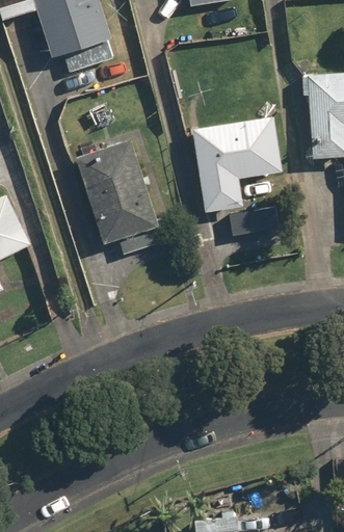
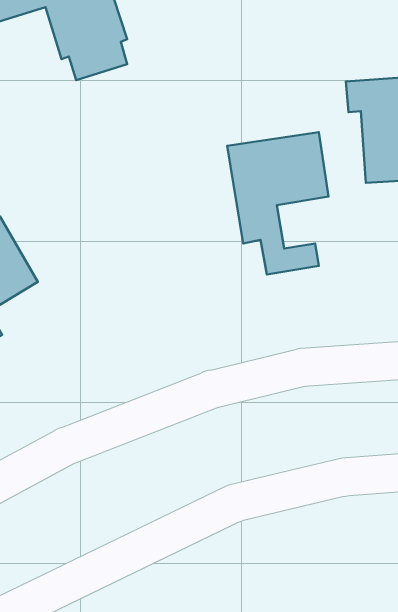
building: [76,136,169,258] -> none

